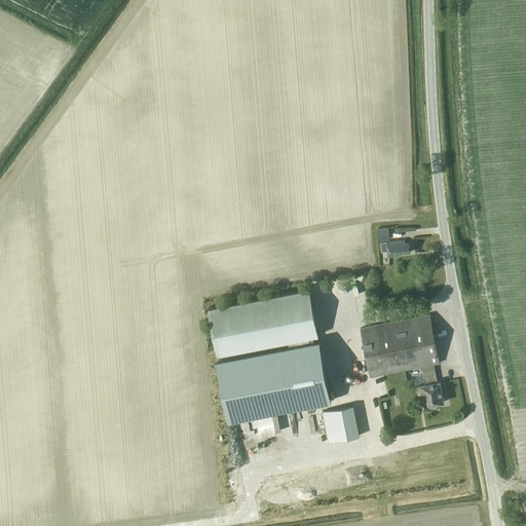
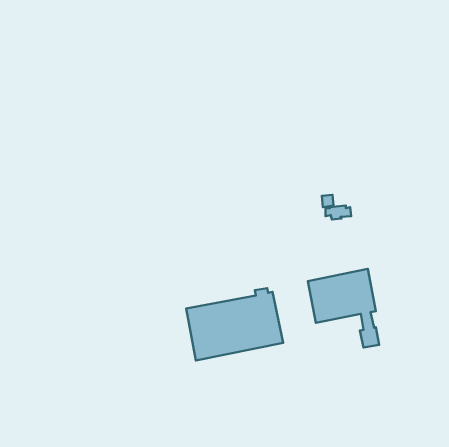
building: [206,292,317,359] -> none
building: [321,408,358,445] -> none

